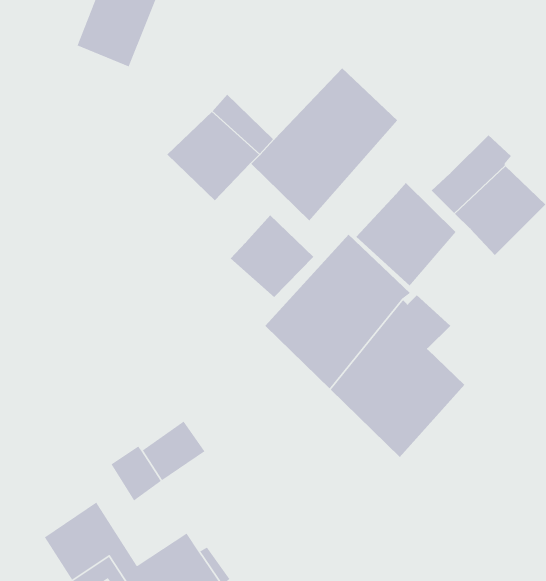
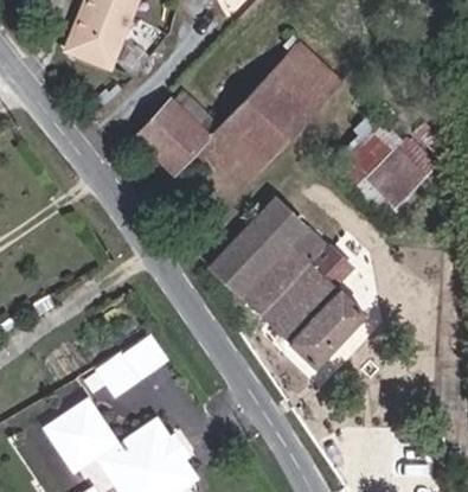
building: none -> [273,43,341,110]
building: [356,182,457,287] -> none
building: [230,215,314,298] -> none

